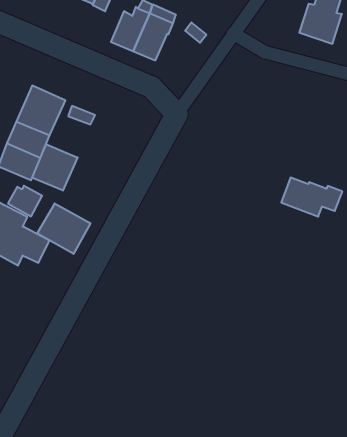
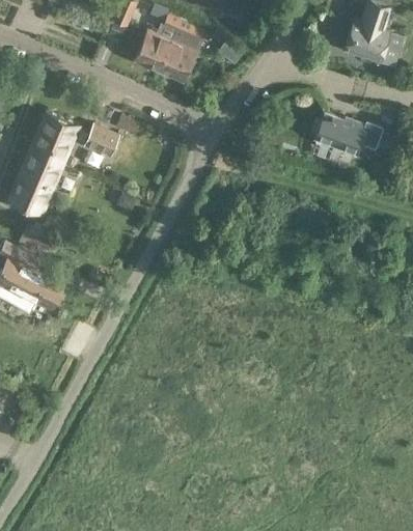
building: [32,144,78,191] -> none
building: [281,178,342,217] -> [314,113,383,157]
building: [37,203,90,254] -> none

